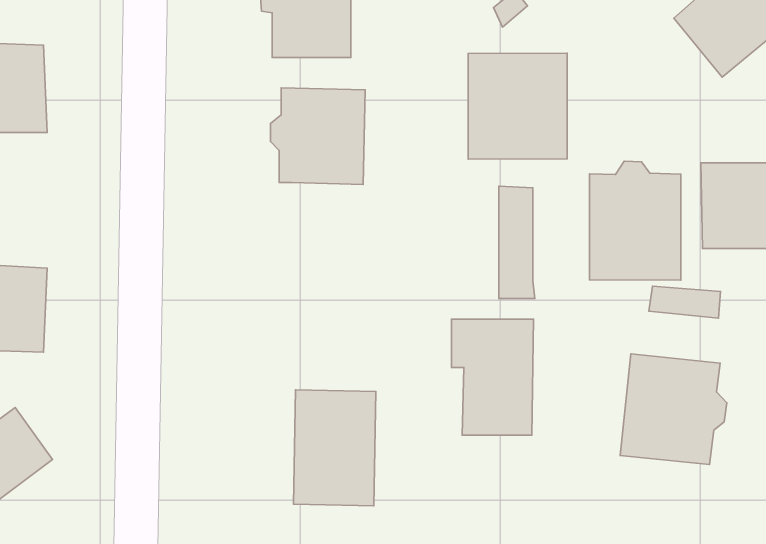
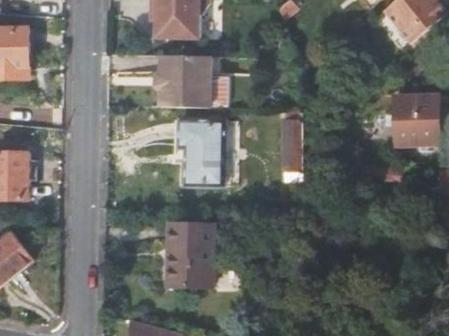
building: [468,53,567,159] -> none
building: [590,161,681,280] -> none
building: [451,319,534,435] -> [178,120,224,185]
building: [620,354,727,465] -> none

